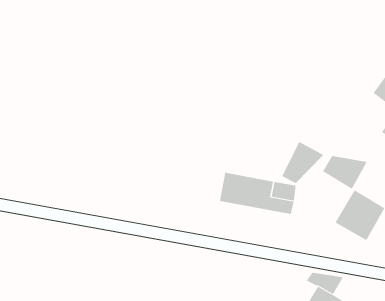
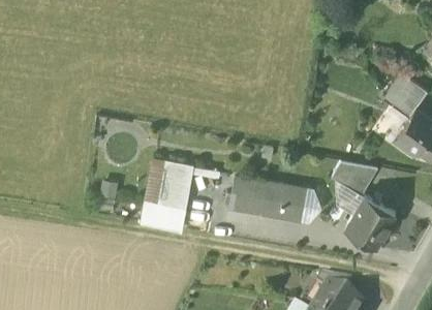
building: [281,141,324,184] -> none
building: none -> [142,156,190,227]

